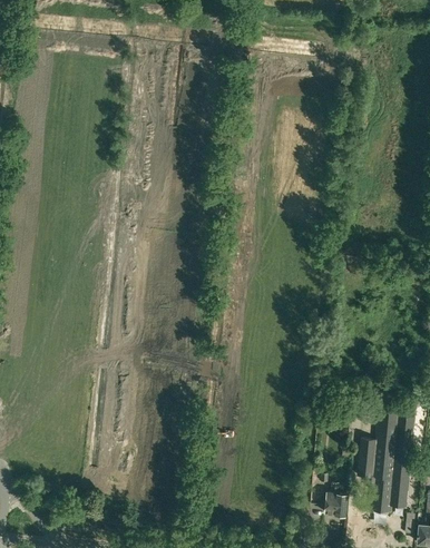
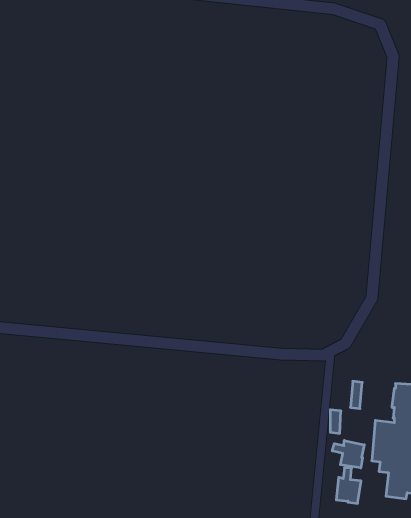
building: none -> [332,440,364,468]

